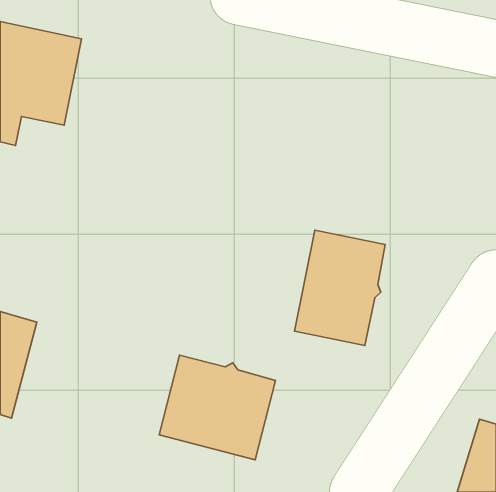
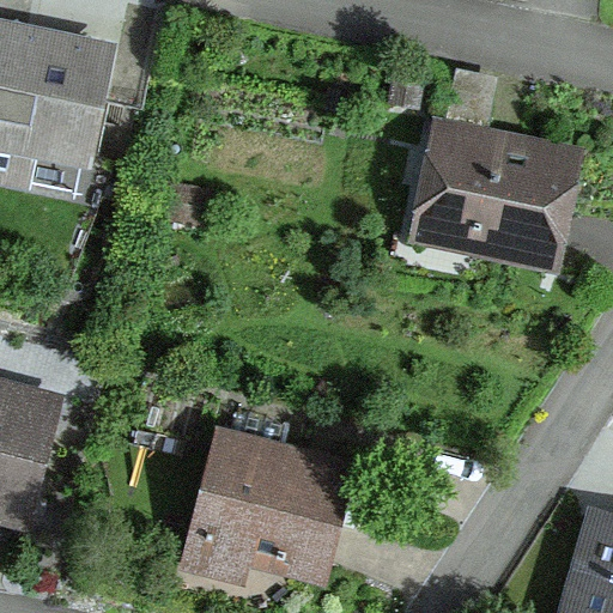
building: none -> [420,129,565,255]
building: [295,230,385,346] -> none

